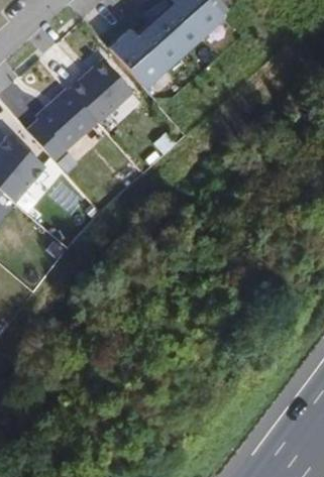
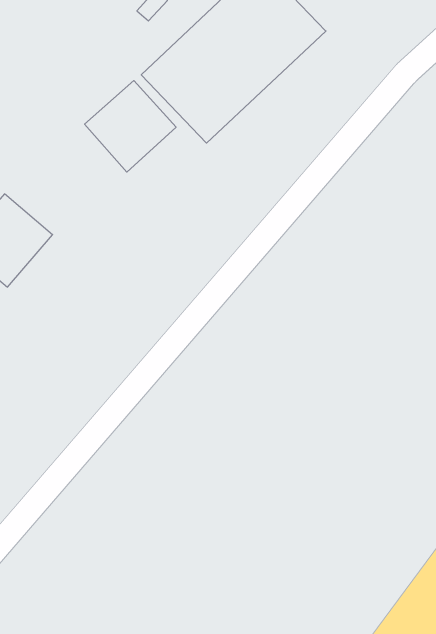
building: [25,87,97,157] -> none

